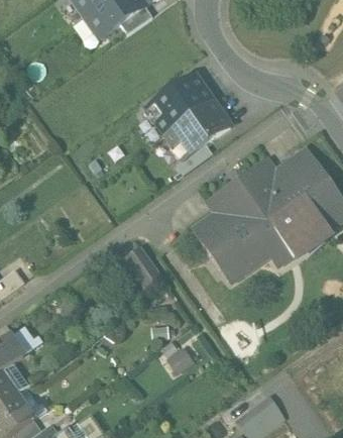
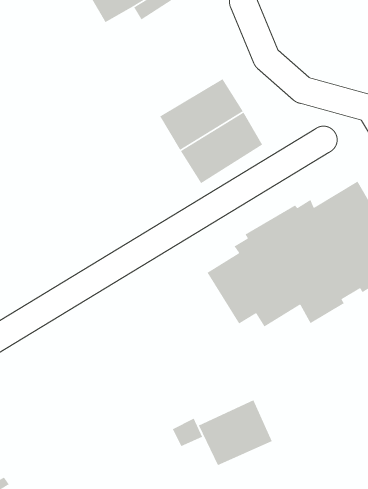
building: [123,246,161,288] -> none
building: none -> [198,399,273,466]

